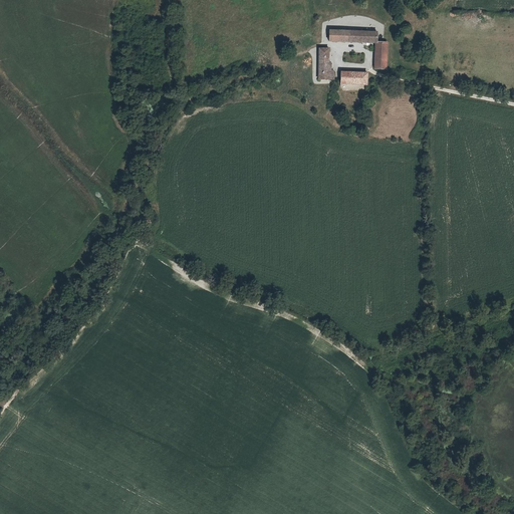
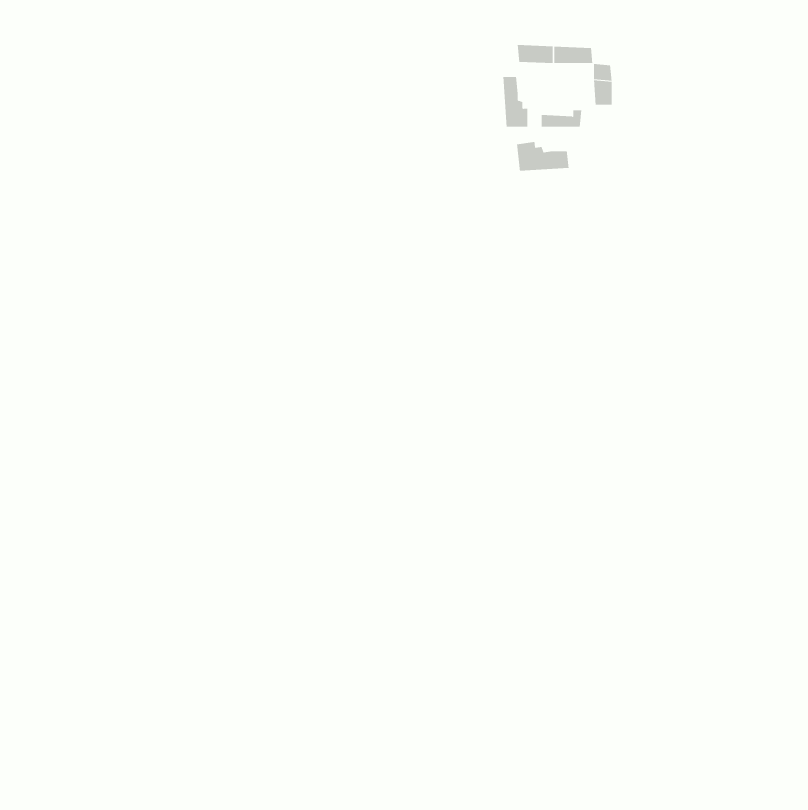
building: none -> [516,141,569,171]

